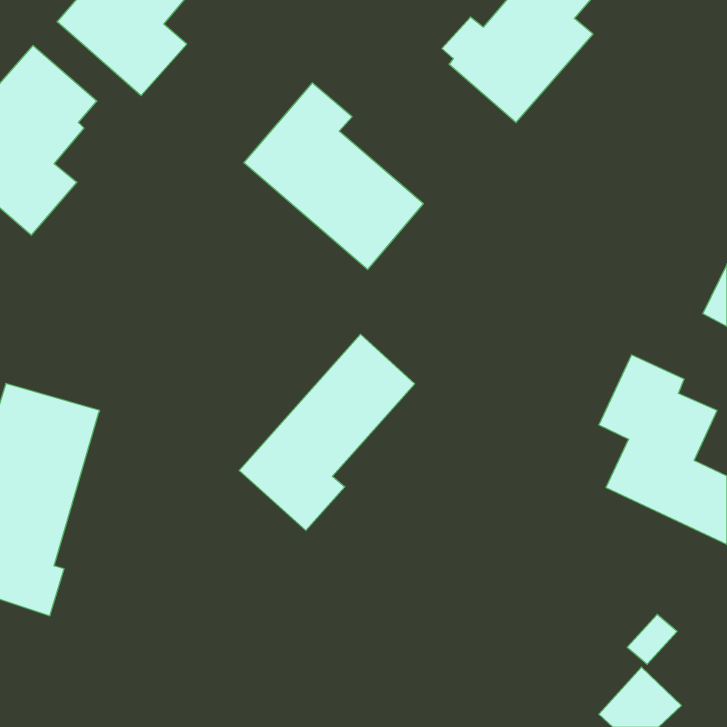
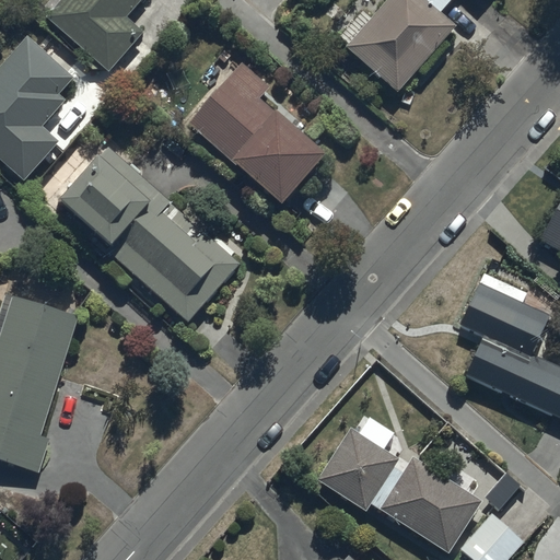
building: none -> [58,148,238,322]
building: [239,334,415,530] -> none
building: none -> [316,416,481,552]

